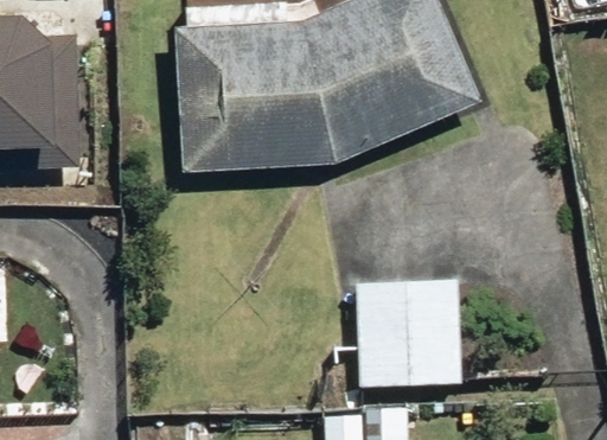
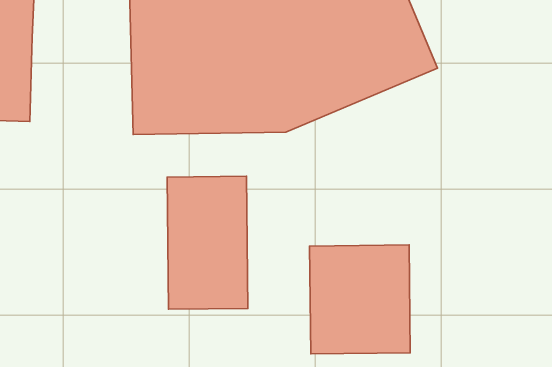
building: none -> [167,176,248,309]

